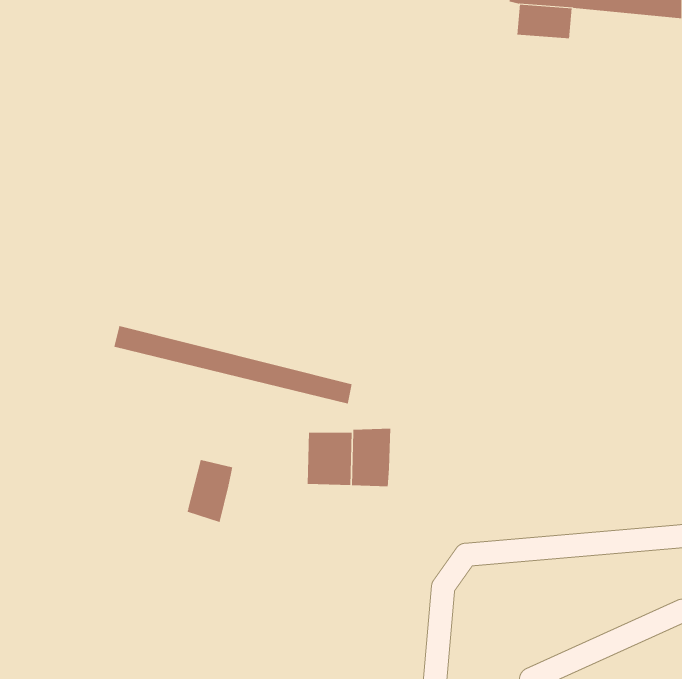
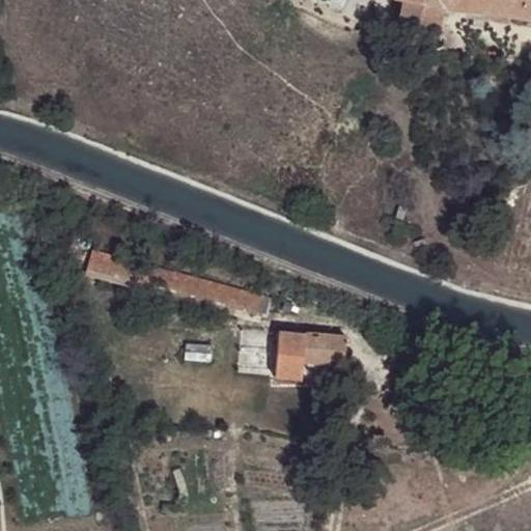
building: none -> [303,333,345,366]
building: [187,459,233,523] -> none

